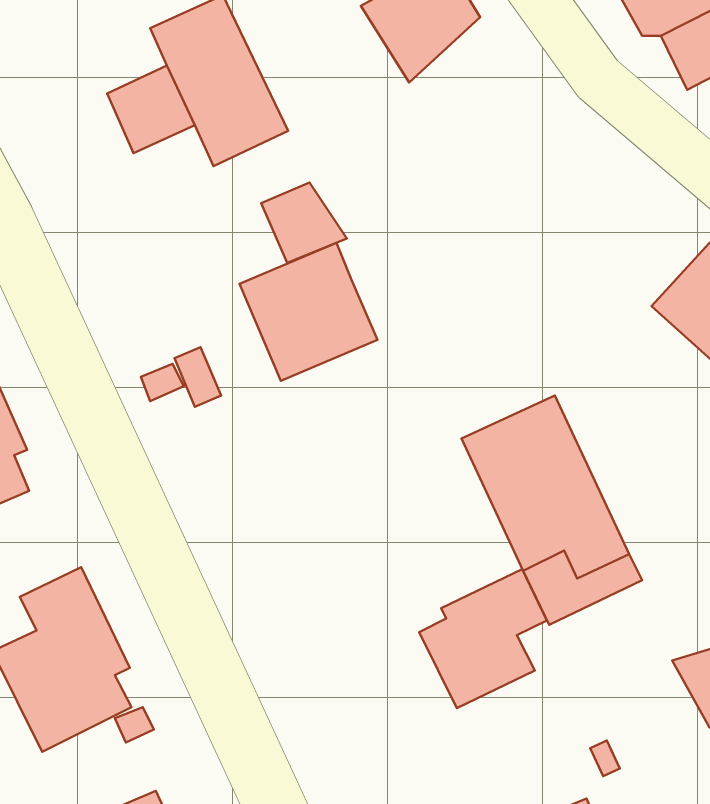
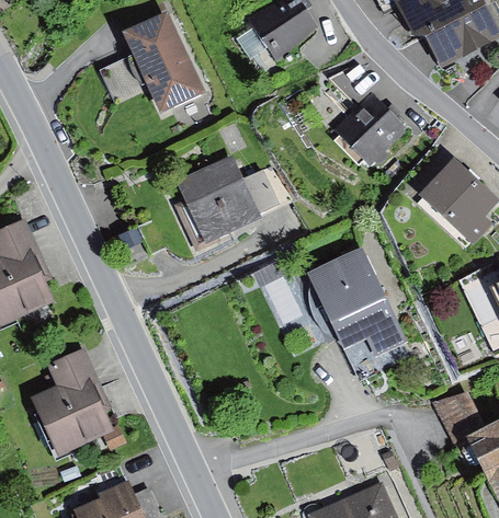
building: none -> [333,92,406,166]
building: [261,183,347,263] -> [242,168,293,215]
building: [419,569,547,708] -> none

